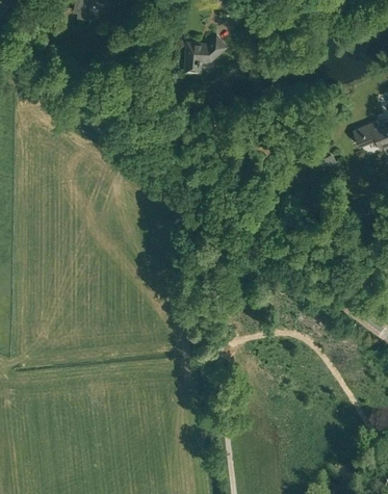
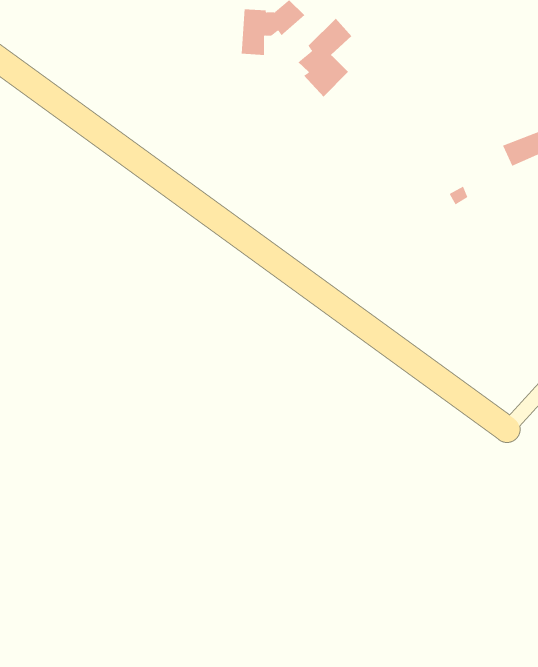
building: none -> [298,18,352,97]

